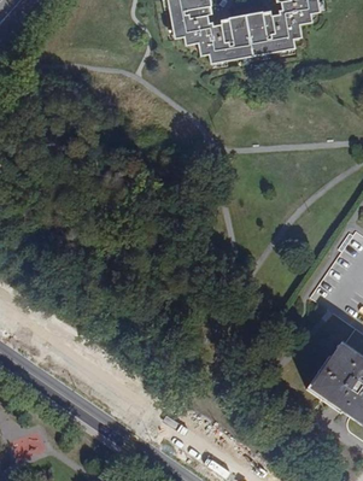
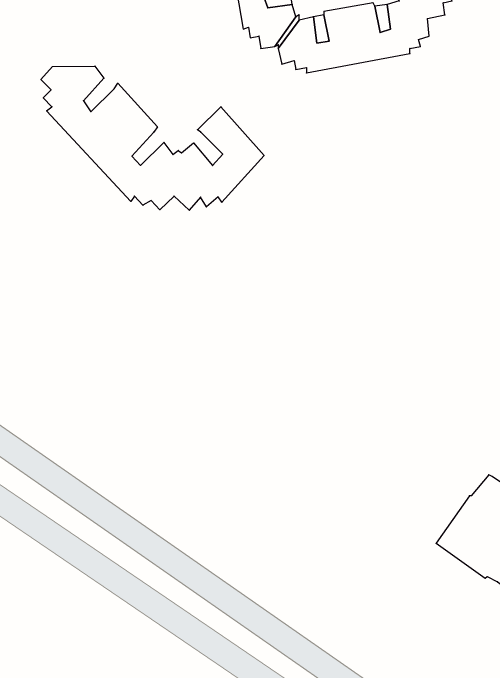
building: none -> [41,66,264,210]

